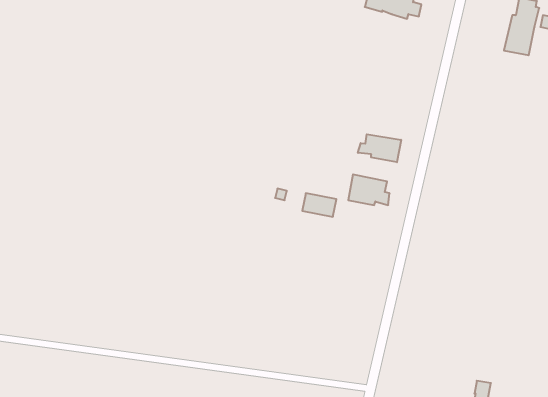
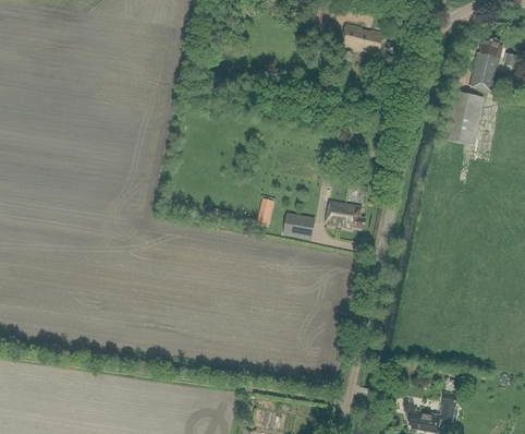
building: none -> [443,89,484,144]
building: [358,134,401,162] -> none

